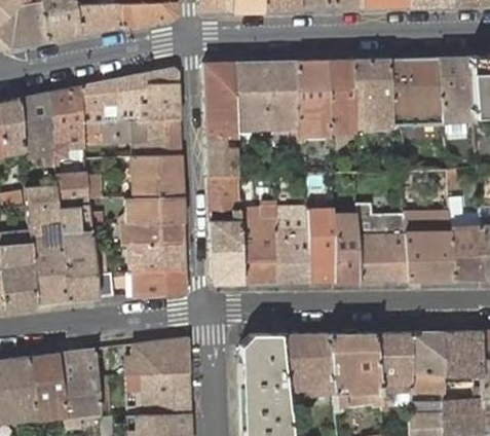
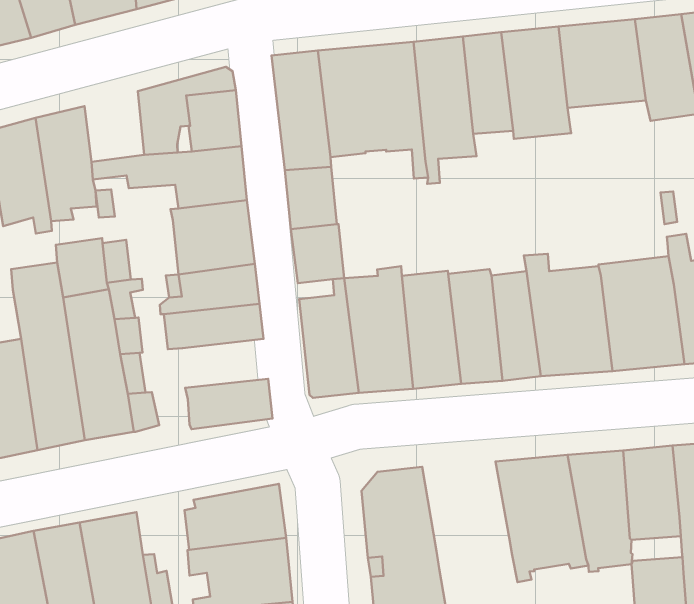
building: [81,80,117,123] -> none
building: [133,245,186,272] -> none
building: [280,334,333,400] -> none

